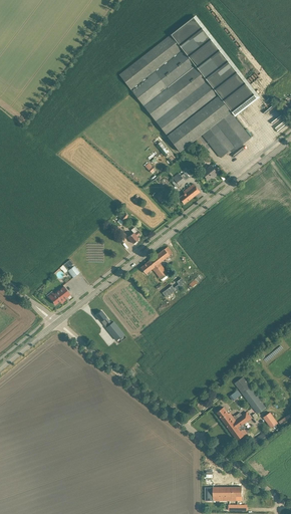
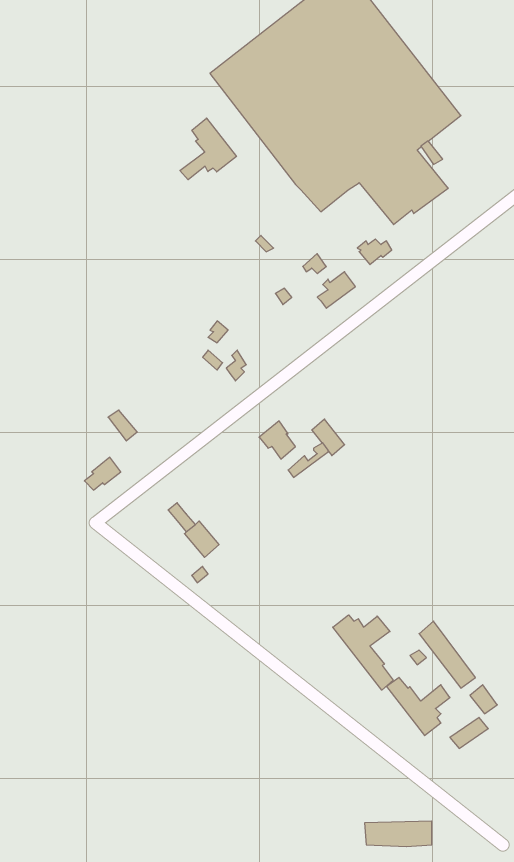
building: none -> [180,118,236,180]
building: none -> [333,615,393,690]

